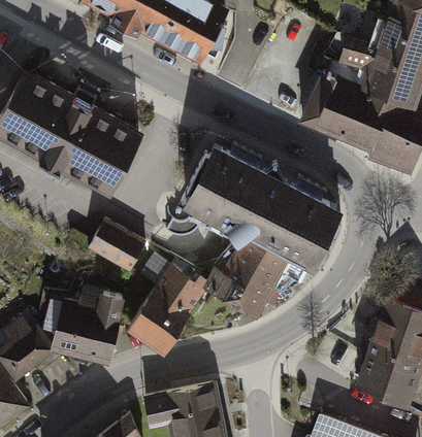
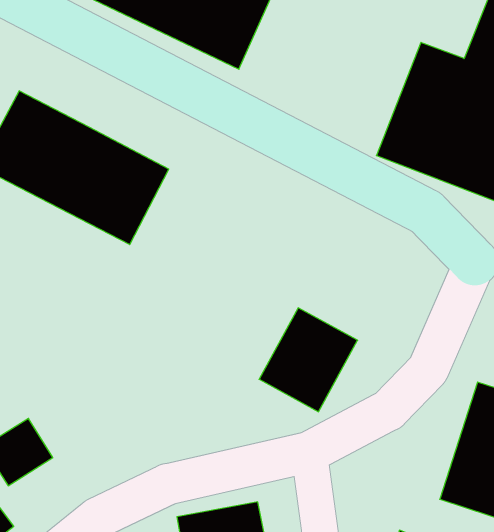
building: [182,144,331,262] -> none
building: [93,224,148,271] -> none
building: [129,268,202,348] -> none
building: [48,288,127,357] -> none

